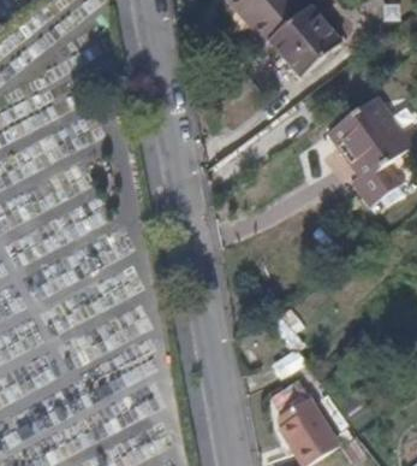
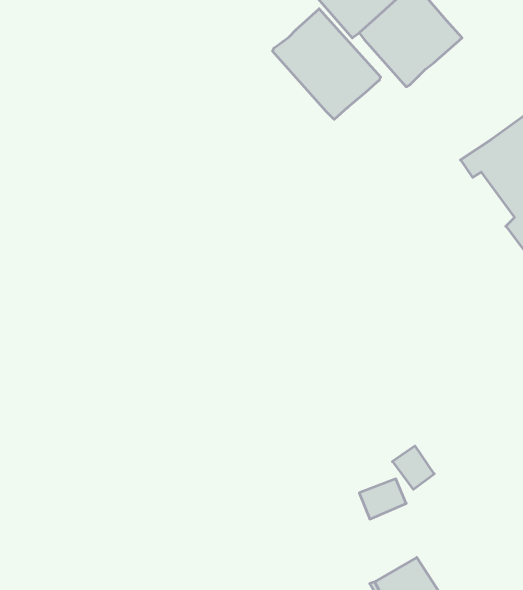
building: none -> [273,9,381,119]

